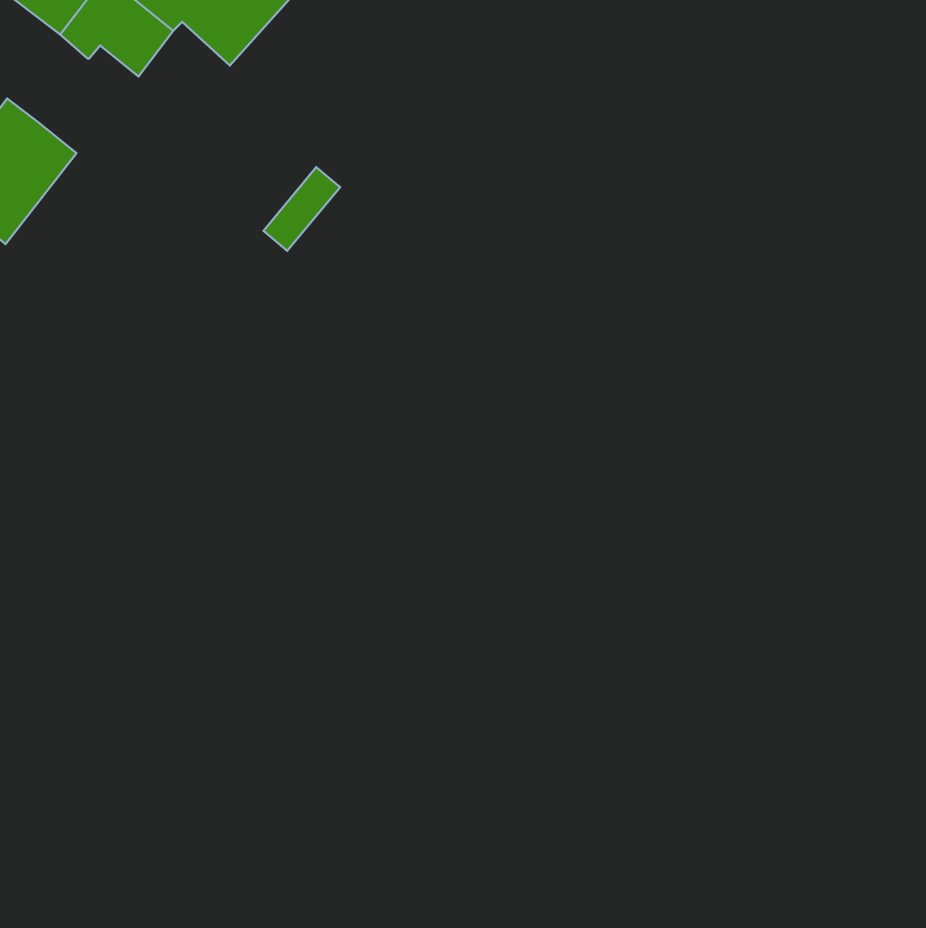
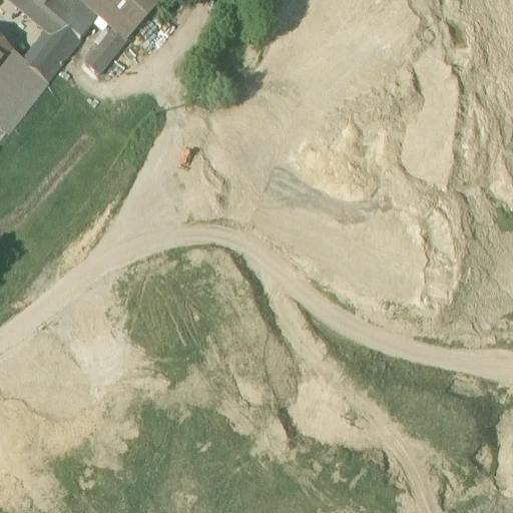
building: none -> [21,25,76,84]
building: [263,167,340,251] -> [81,31,123,77]

